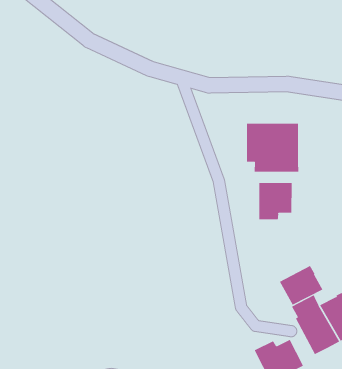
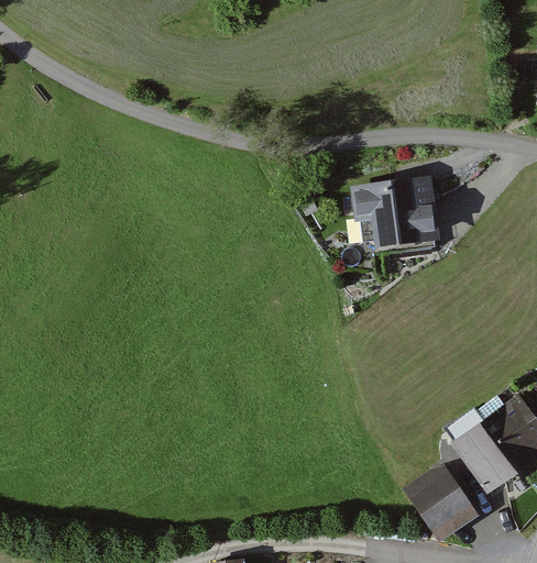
building: [259,182,292,220] -> none
building: [279,265,323,306] -> none

